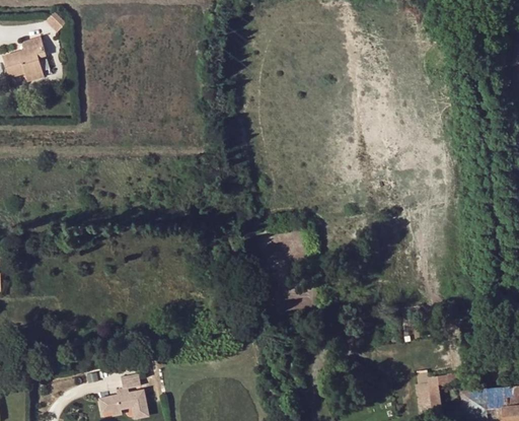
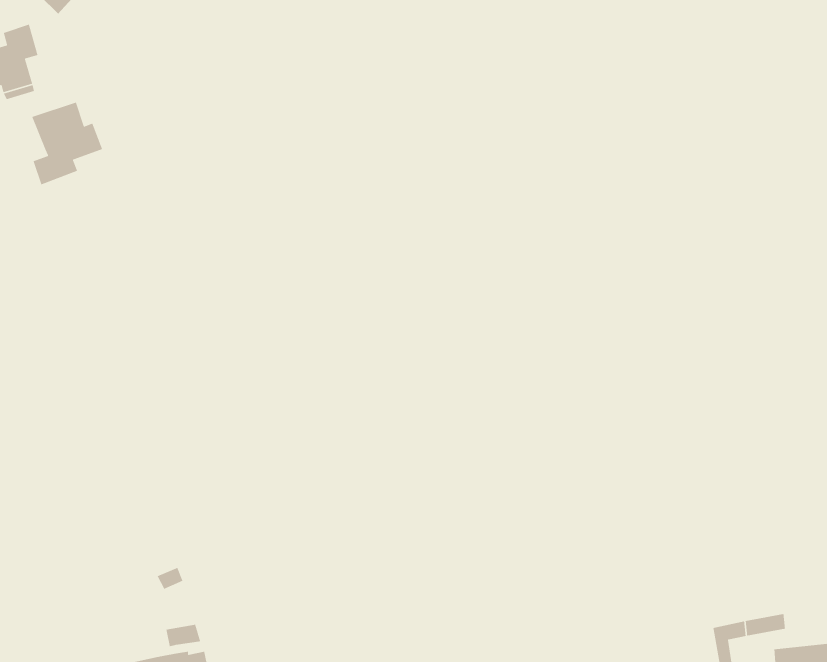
building: none -> [31,101,103,185]

